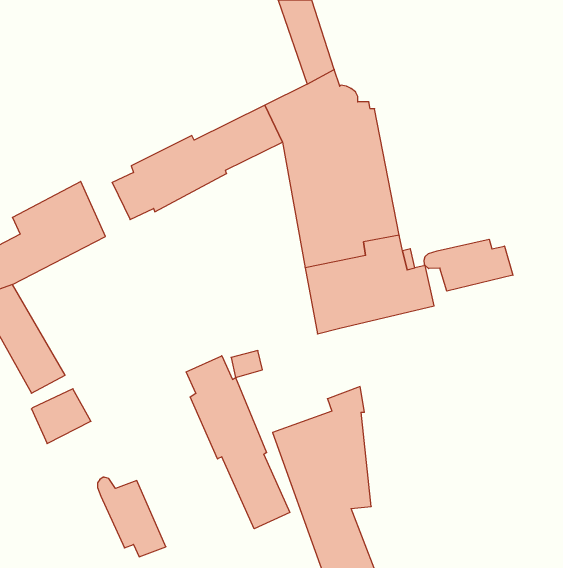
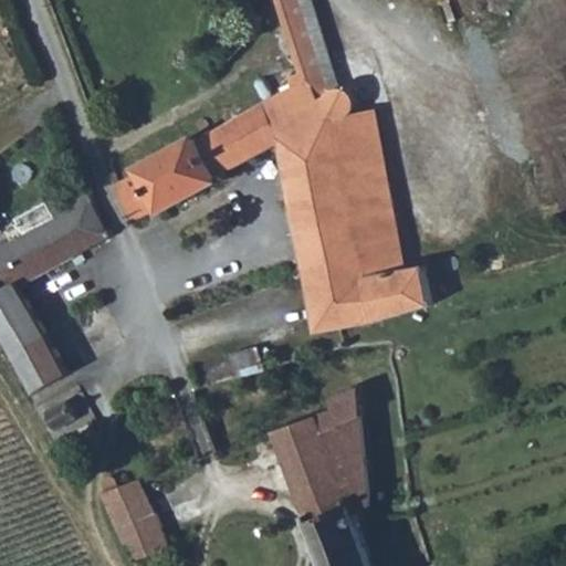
building: [424,239,513,291] -> none
building: [186,356,290,529] -> none

